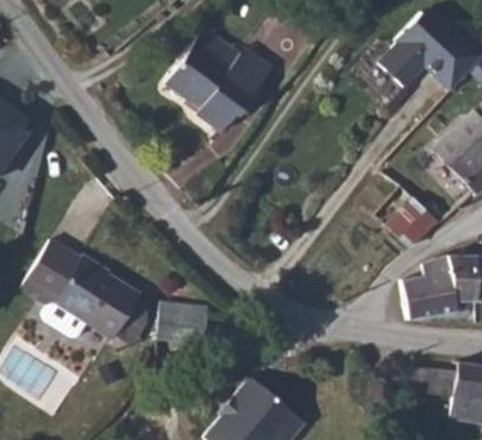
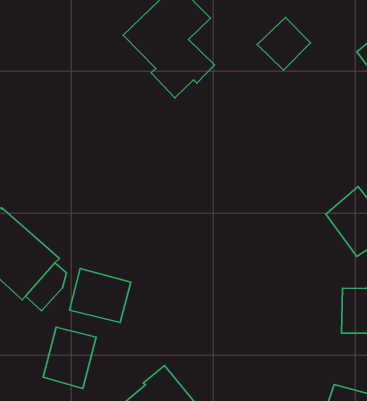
building: [224,48,271,96] -> [257,18,310,70]
building: none -> [43,327,96,389]

